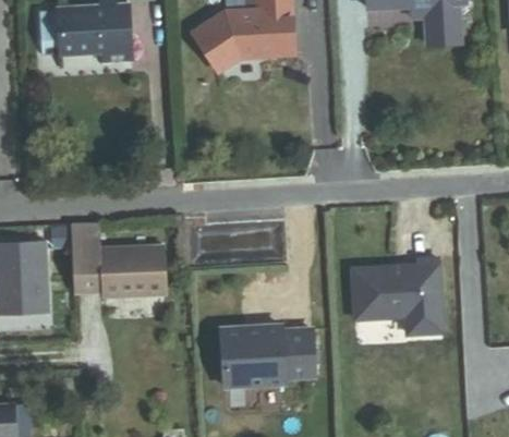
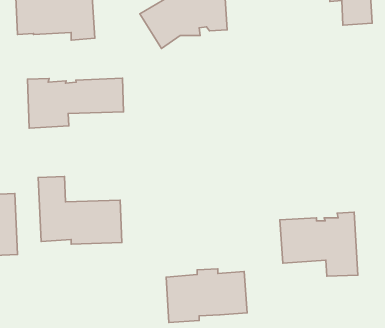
building: none -> [27,78,124,128]

